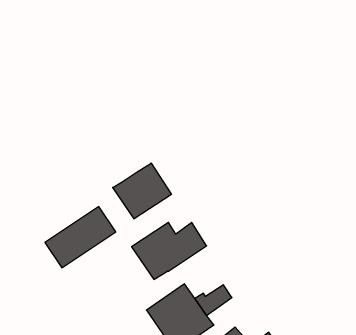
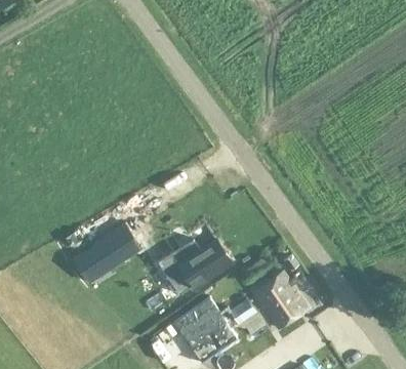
building: [113,163,171,219] -> none
building: none -> [252,254,307,328]

